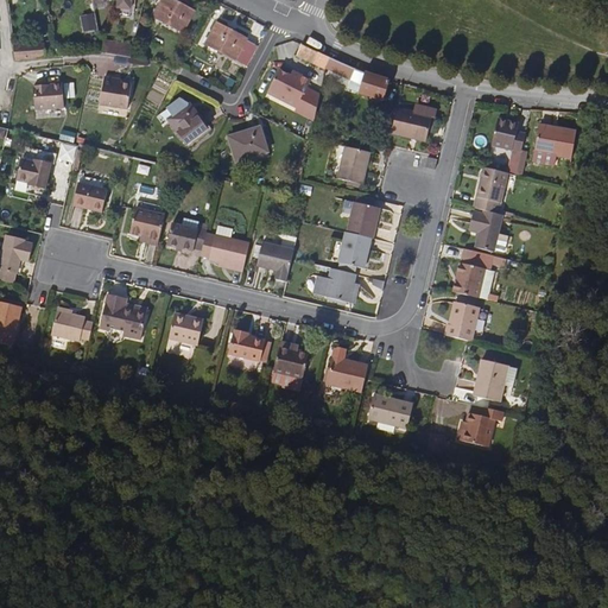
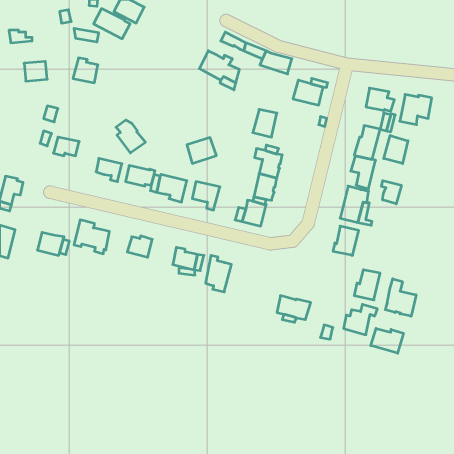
building: [205,23,254,63] -> [94,9,130,39]
building: [166,97,205,141] -> [116,120,145,153]
building: [228,126,267,160] -> [187,138,216,163]
building: [17,148,57,189] -> none
building: none -> [384,135,408,164]
building: none -> [381,181,401,204]
building: [327,348,368,392] -> none
building: none -> [385,279,416,316]
building: none -> [371,328,403,353]

